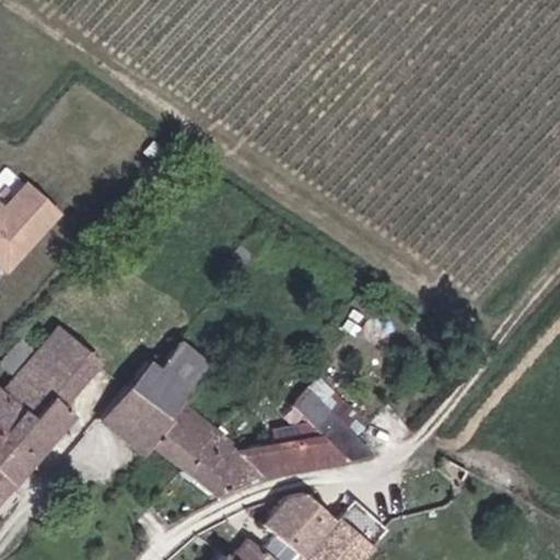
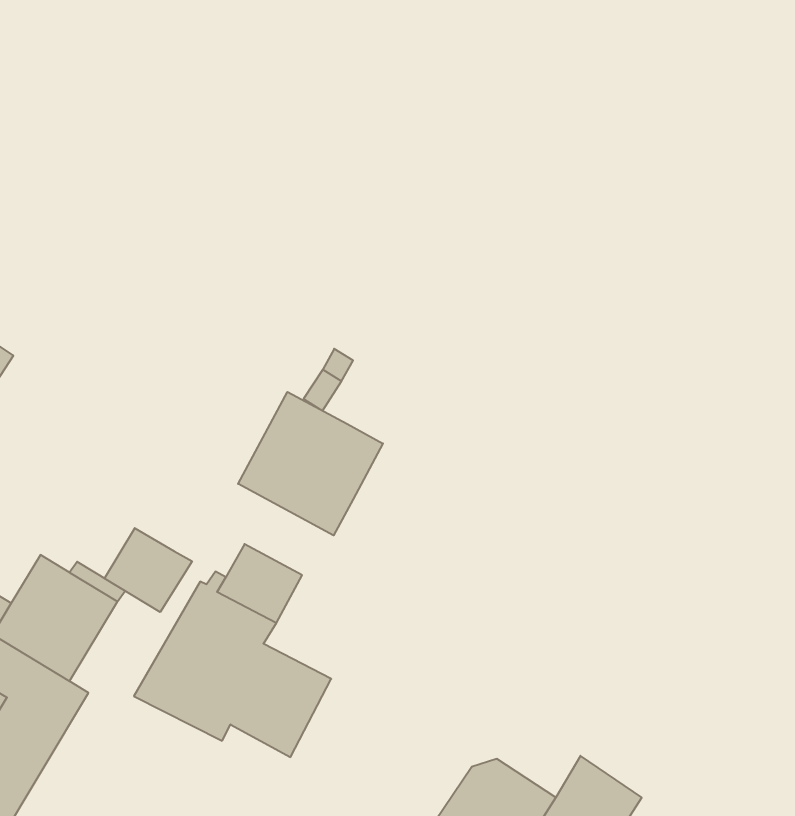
building: none -> [238,392,383,535]
building: none -> [105,528,192,612]
building: [184,392,371,499] -> none

